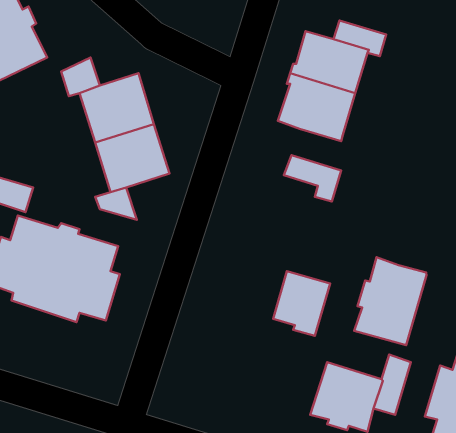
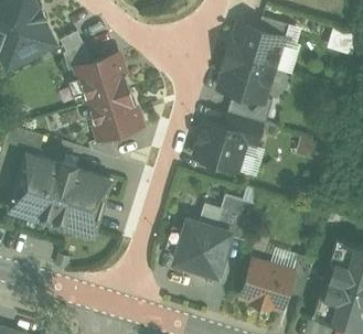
building: none -> [227,94,271,123]
building: none -> [194,121,246,170]
building: [354,257,426,345] -> none
building: none -> [175,222,229,276]

